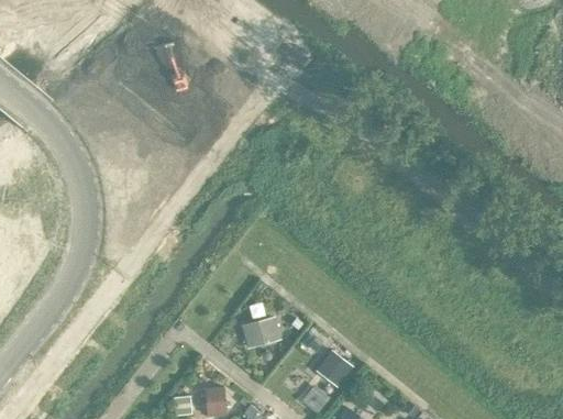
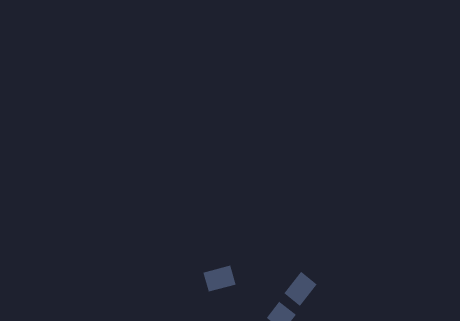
building: none -> [283,271,318,307]

